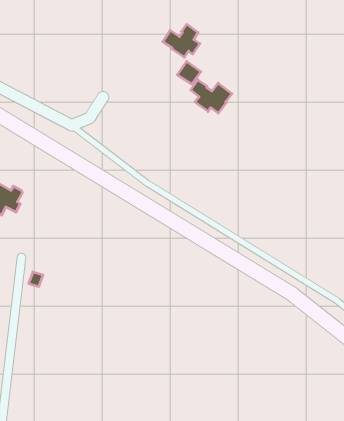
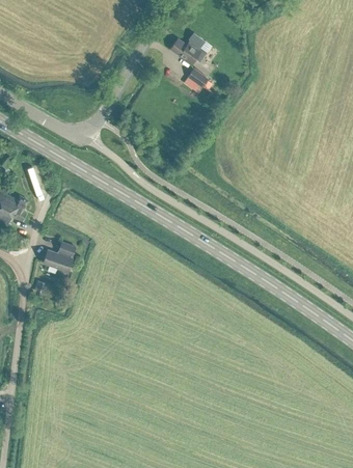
building: [191,80,232,113] -> none
building: none -> [44,242,75,273]

